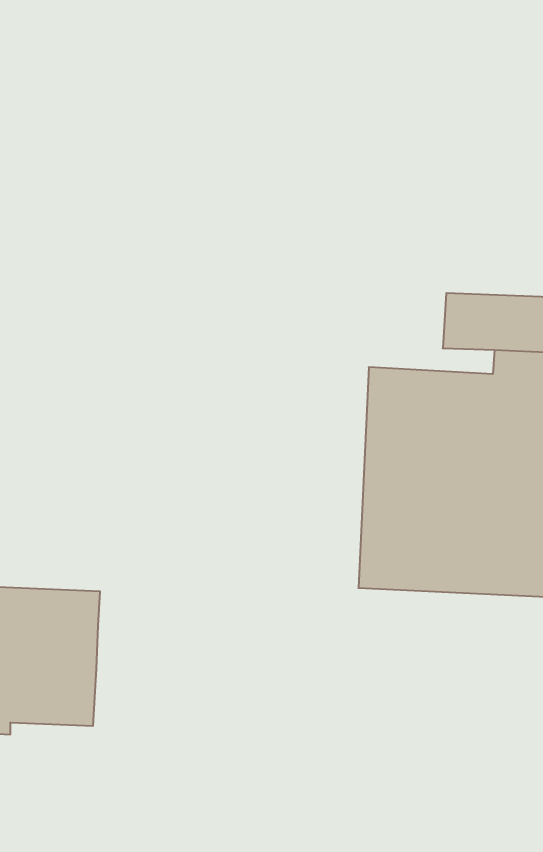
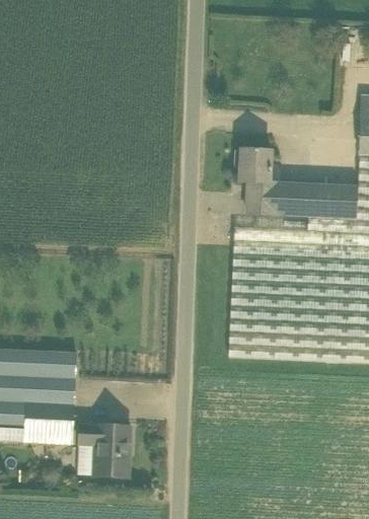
building: none -> [235,146,281,212]
building: none -> [78,422,131,473]

